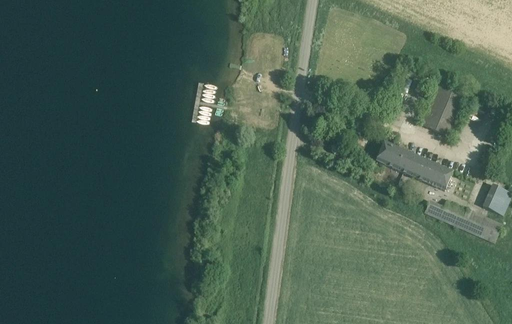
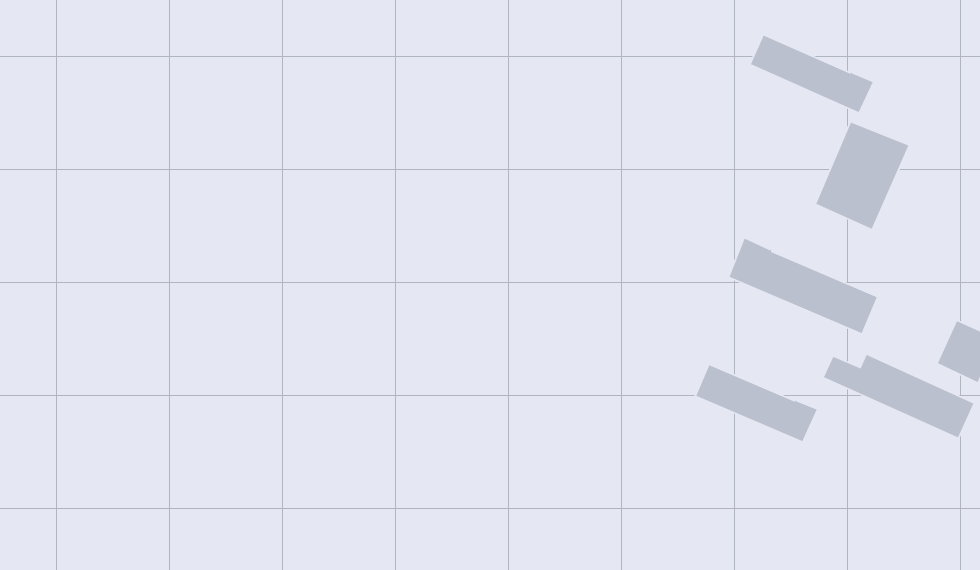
building: none -> [750,34,874,113]
building: none -> [695,364,818,442]

